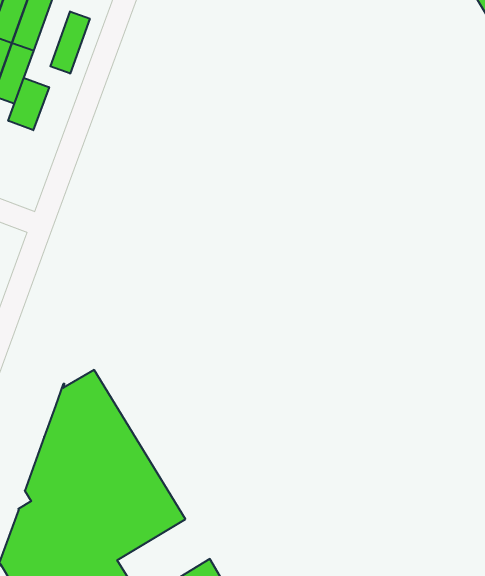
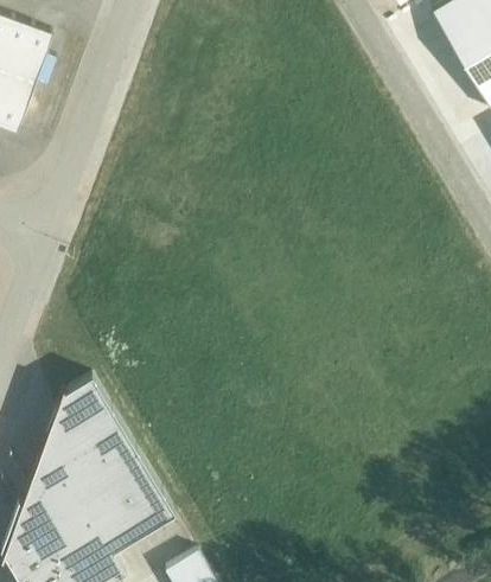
building: [50,11,90,74] -> none
building: [8,78,49,130] -> none

